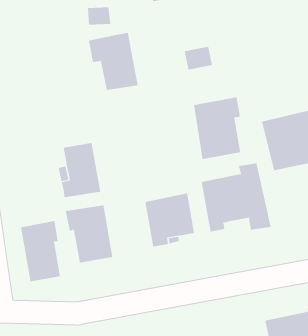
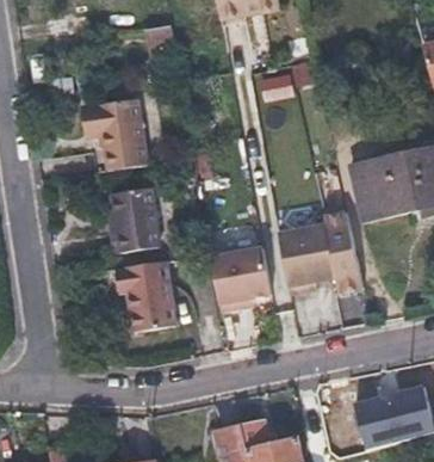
building: [88,32,139,91] -> [89,100,149,170]
building: [194,97,241,160] -> none
building: [21,220,60,282] -> none

